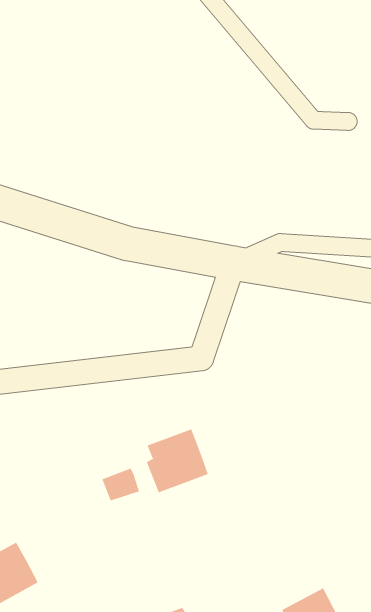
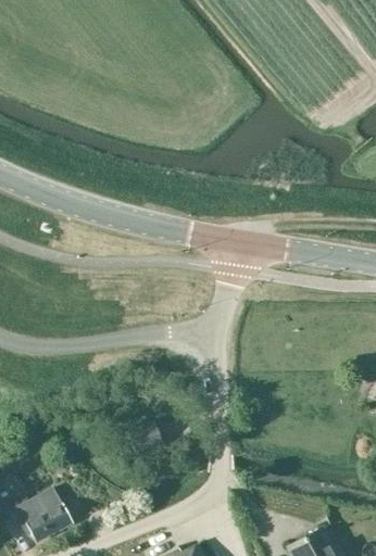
building: [146,429,208,493] -> none

